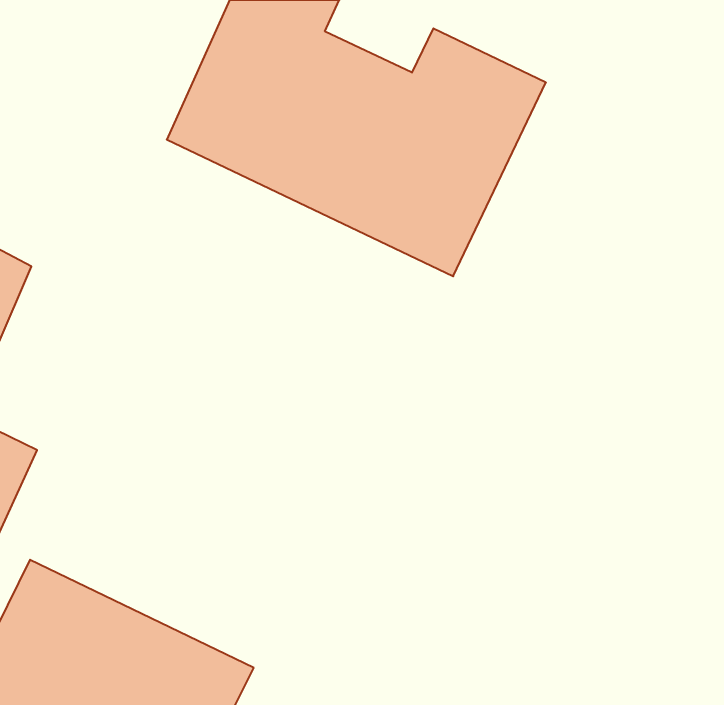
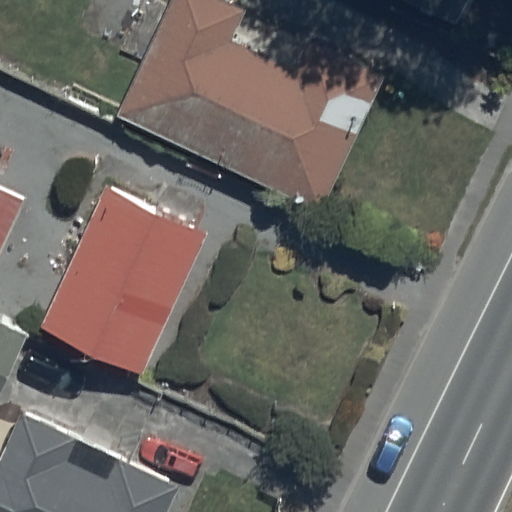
building: none -> [40,181,206,370]

